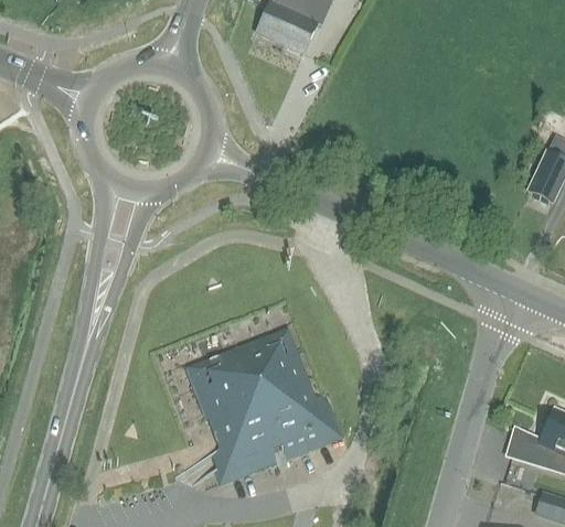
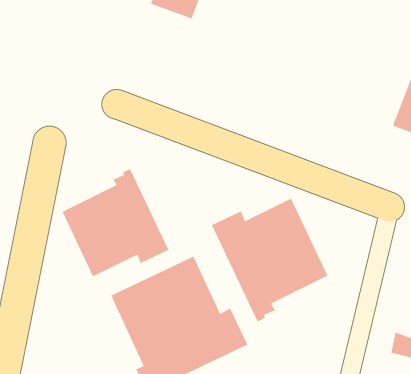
building: none -> [62,168,169,277]
building: none -> [211,198,328,323]

